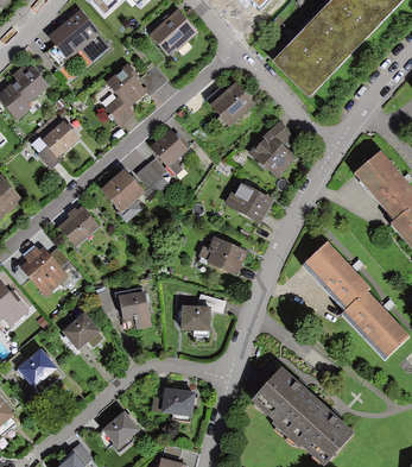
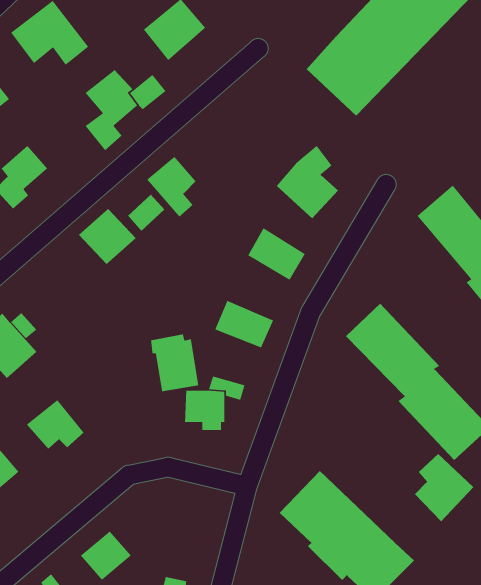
building: [209,80,255,126] -> none
building: [57,206,99,246] -> none
building: [115,286,152,330] -> [150,334,199,392]
building: none -> [414,453,474,522]
building: [150,385,195,419] -> none

